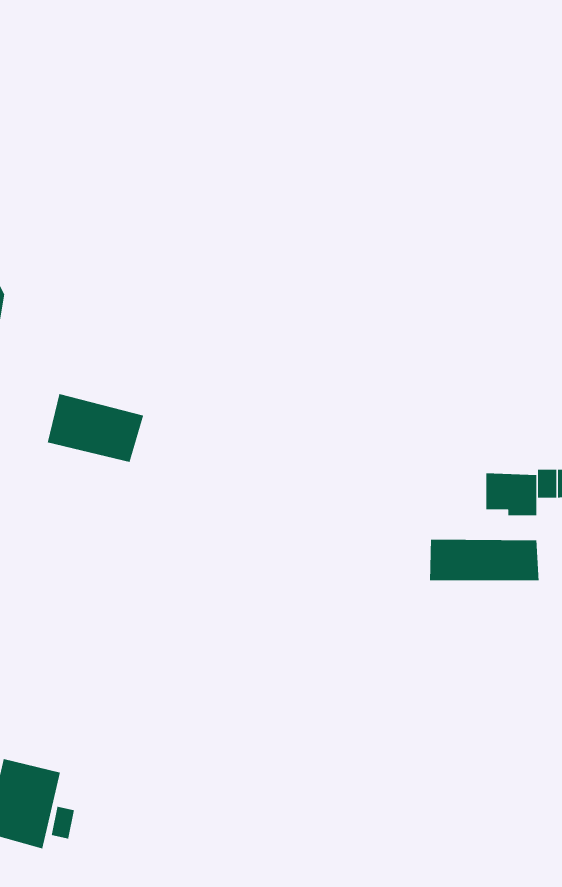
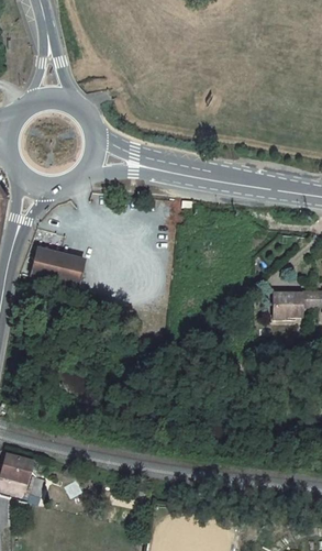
building: [429,539,539,581] -> none

